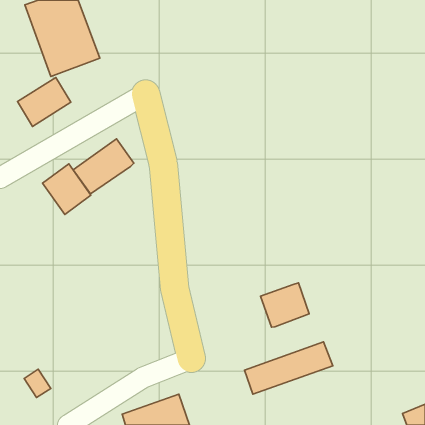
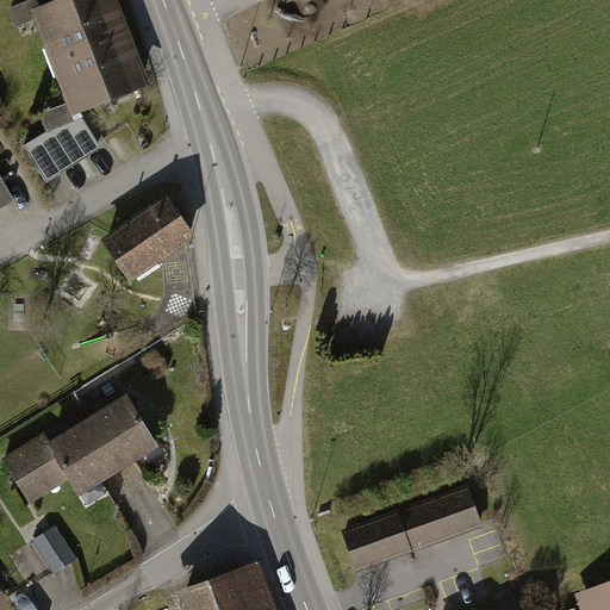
building: [43,164,91,214] -> none
building: none -> [5,397,155,498]
building: [261,283,309,327] -> none

